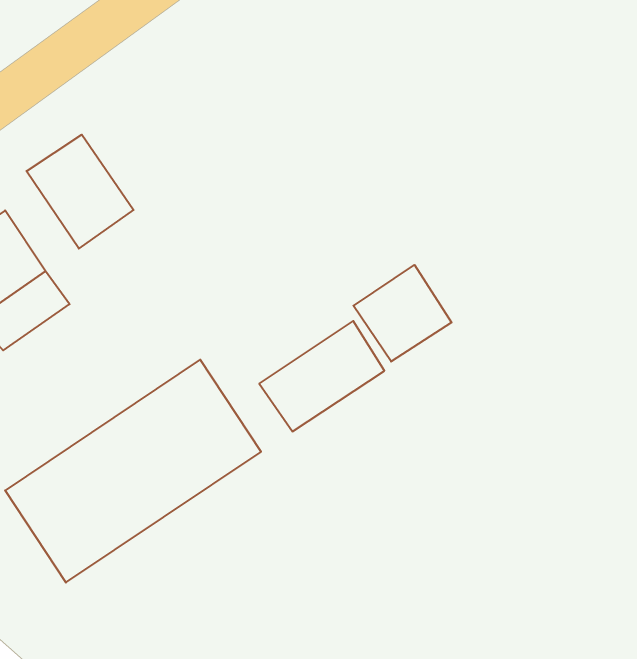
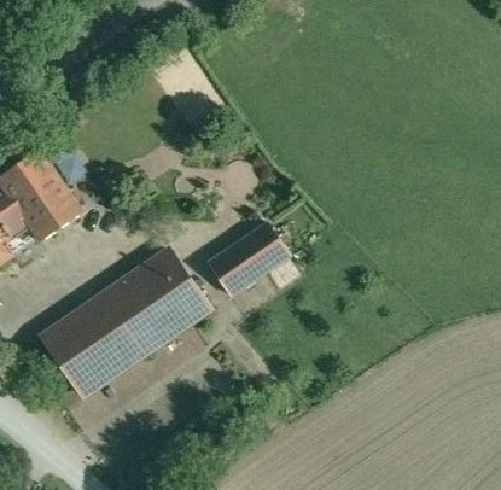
building: [26,135,134,249] -> none
building: [353,265,452,362] -> none

